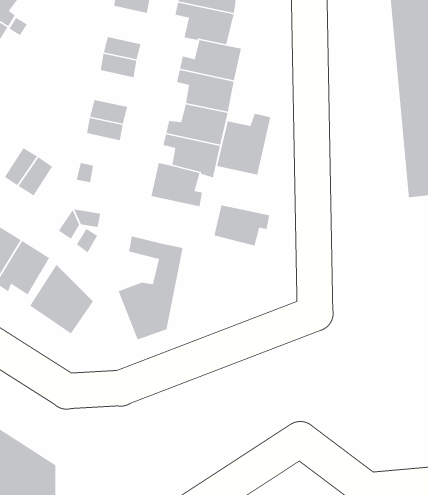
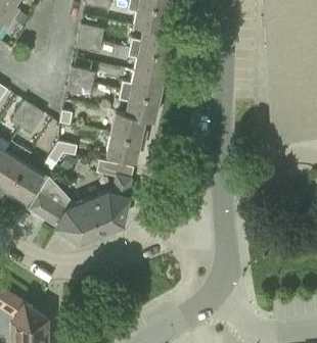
building: [216,113,271,176] -> none
building: [213,204,270,246] -> [106,135,145,163]
building: none -> [57,199,102,243]

